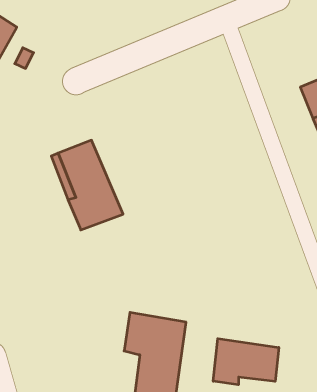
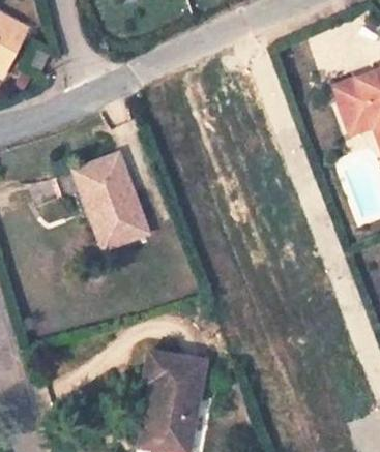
building: [213,339,279,385] -> none

